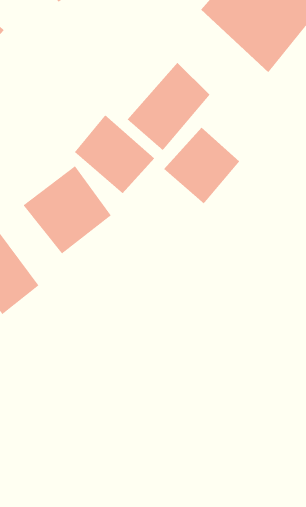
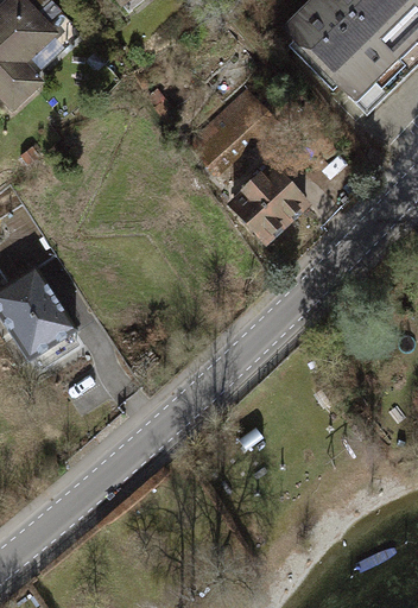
building: [74,114,155,194] -> none
building: [22,165,112,254] -> none

